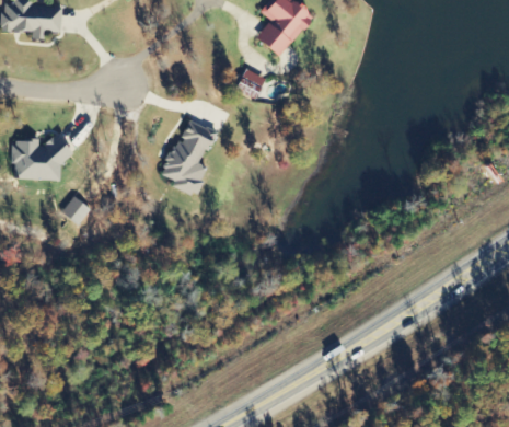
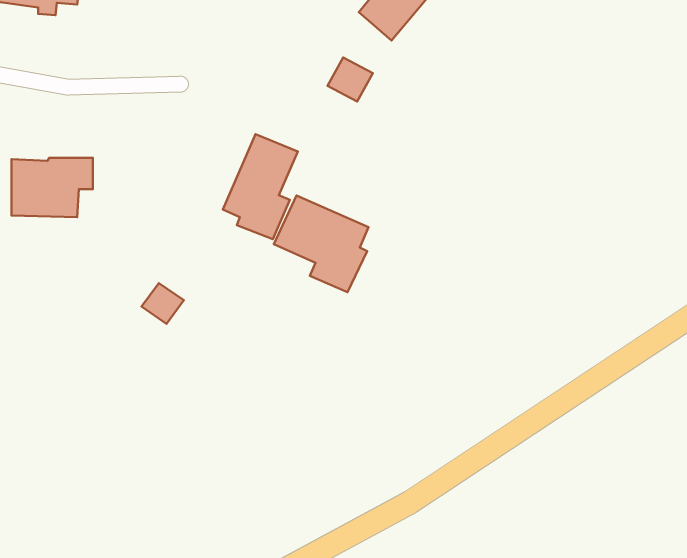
building: none -> [274,196,368,292]
building: [60,195,90,223] -> [142,283,184,324]

